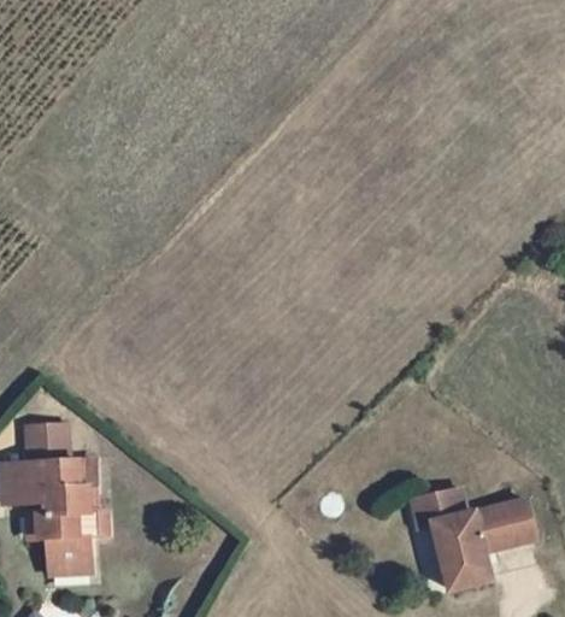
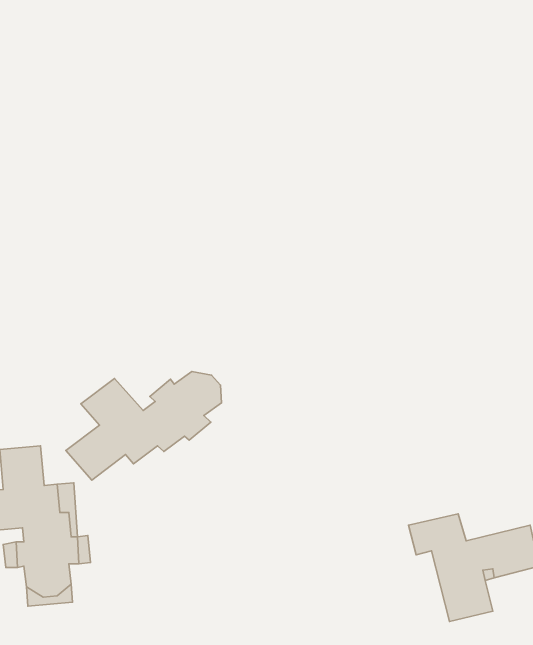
building: none -> [66,372,221,480]

